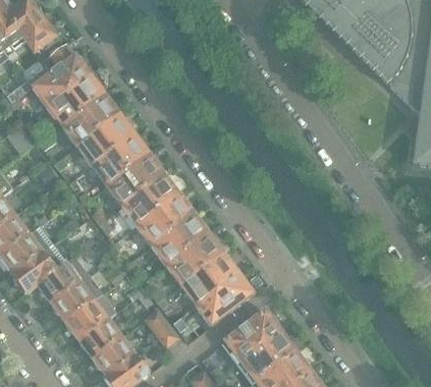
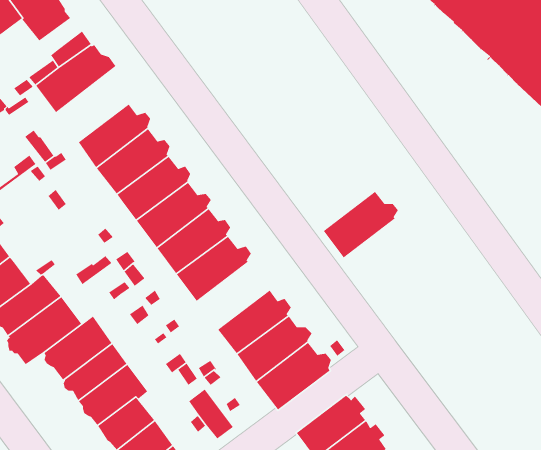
building: [48,70,107,126] -> none
building: [152,215,208,265] -> [323,191,399,258]

